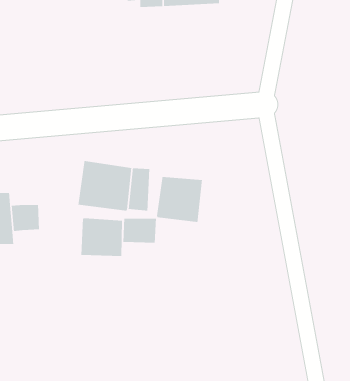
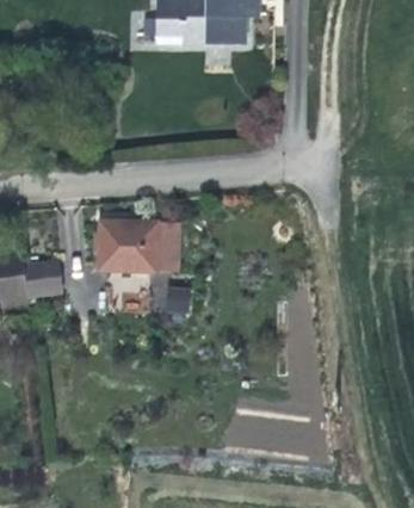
building: [156,176,203,223] -> none
building: [81,218,123,257] -> none

